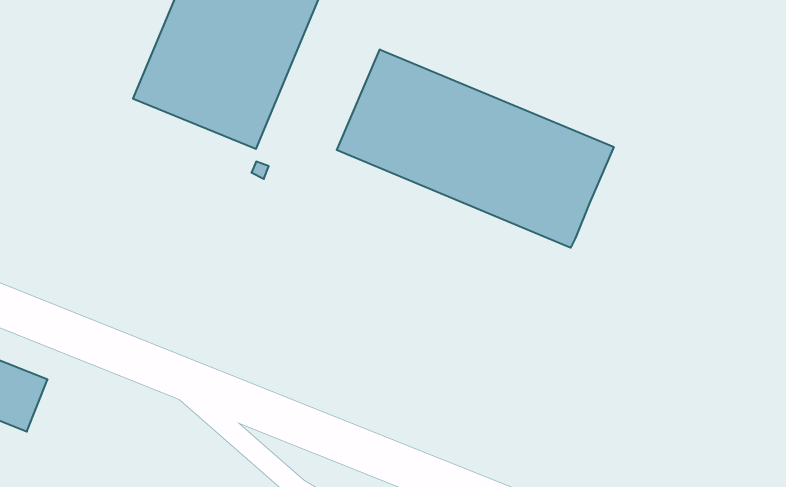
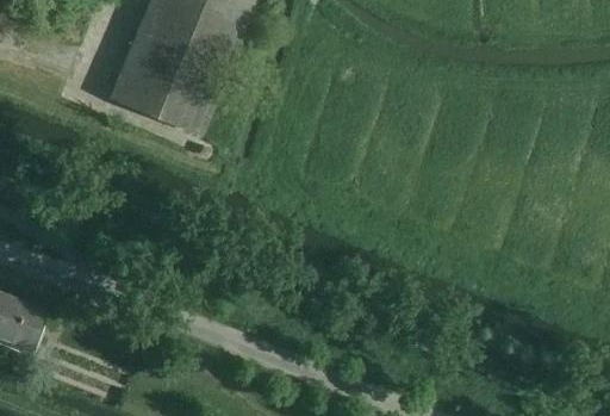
building: [337,49,614,248] -> none

